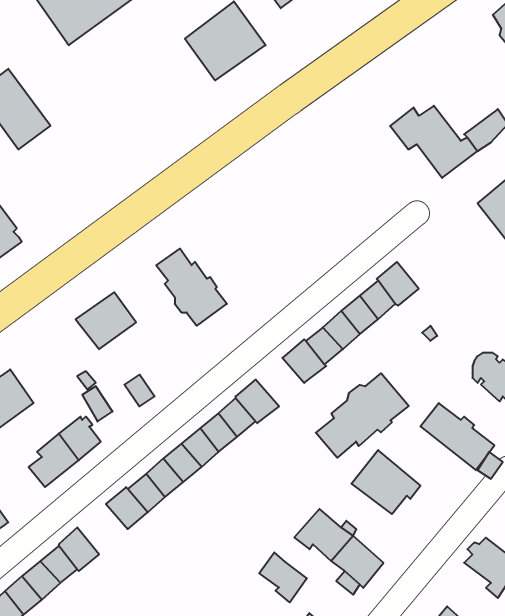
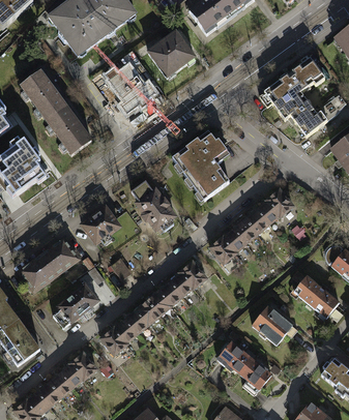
building: none -> [261,58,327,106]
building: none -> [108,64,156,112]
building: none -> [47,104,92,153]
building: none -> [174,130,230,199]
building: none -> [41,238,80,275]
building: [316,373,409,458] -> none
building: [259,552,307,602] -> none

